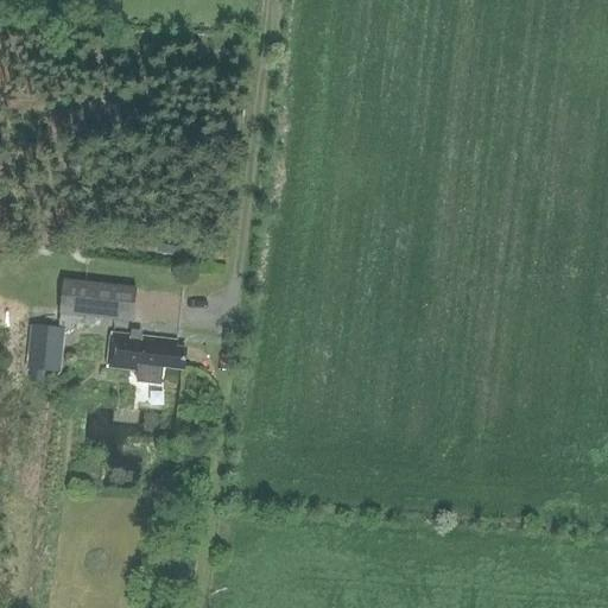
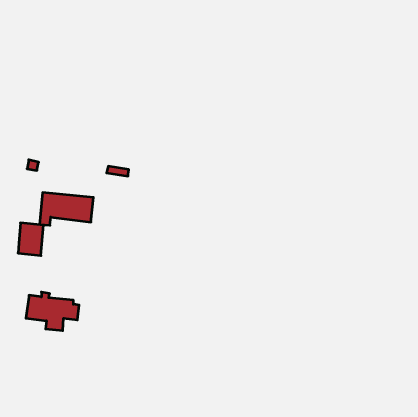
building: [108,328,185,384] -> [26,292,79,331]

